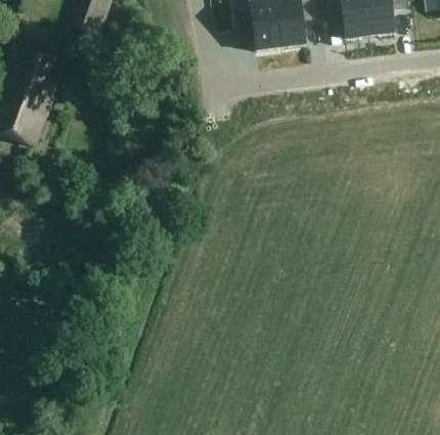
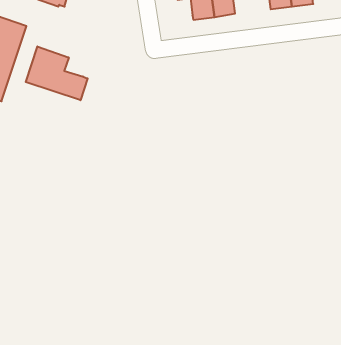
building: none -> [26,46,88,100]

